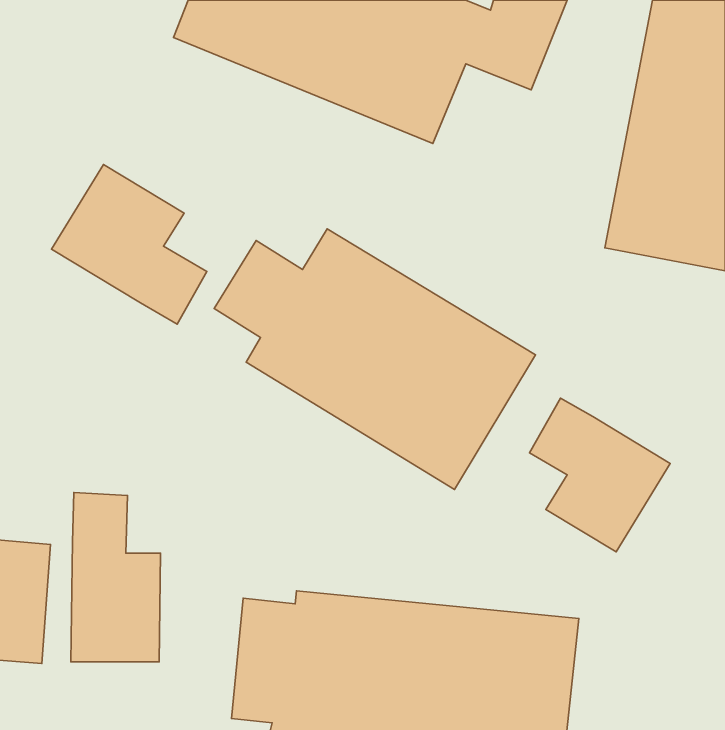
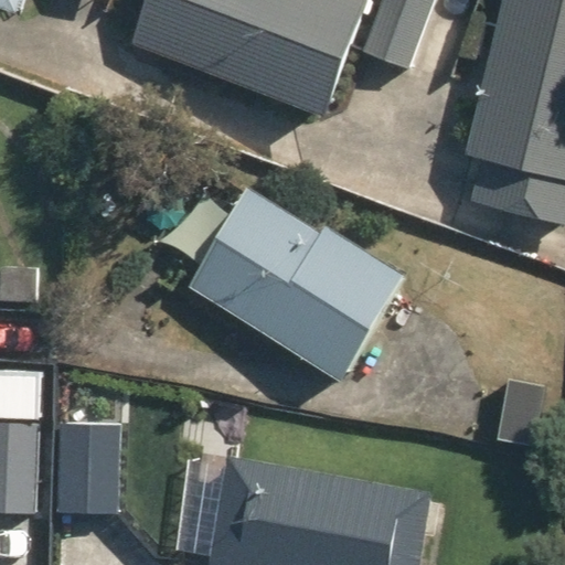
building: [51,165,207,324] -> none
building: [529,398,670,552] -> none

